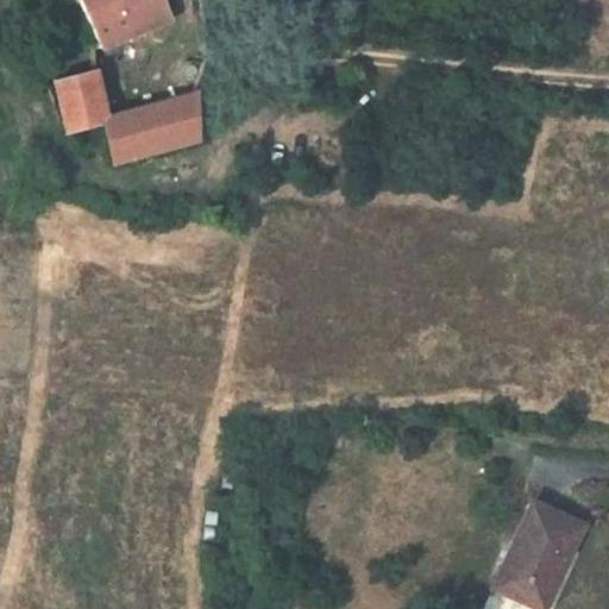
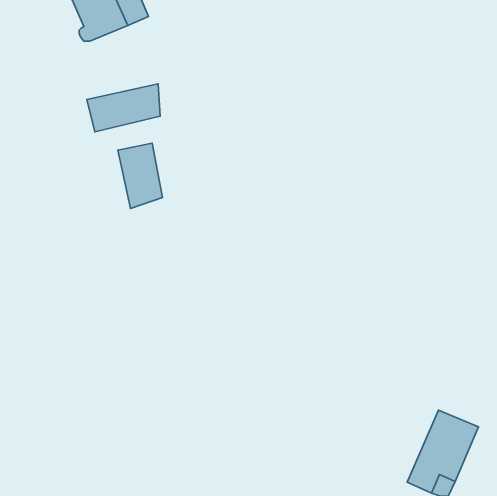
building: [58,69,106,130] -> none
building: none -> [118,143,163,209]

